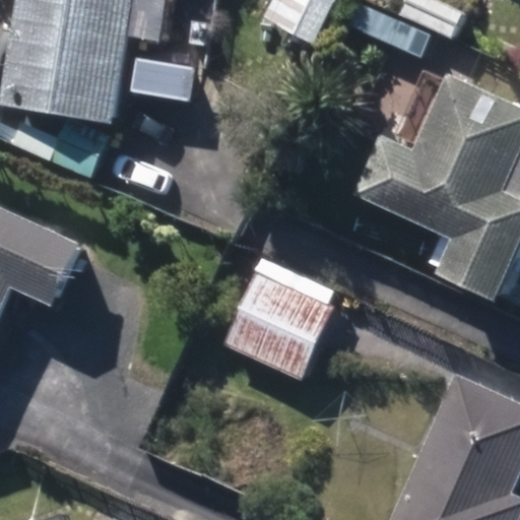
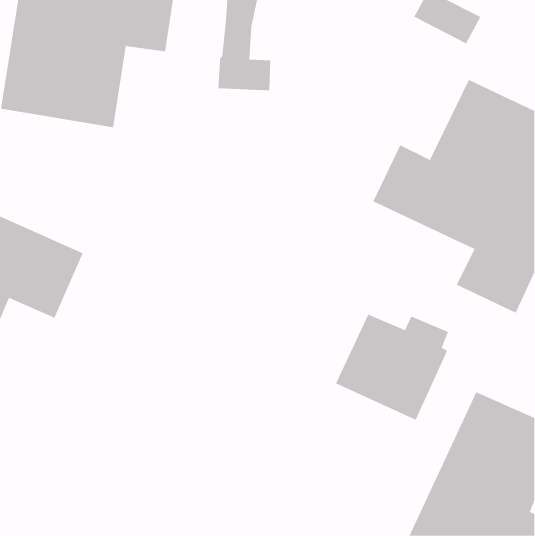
building: [223,277,333,380] -> [335,314,449,420]

